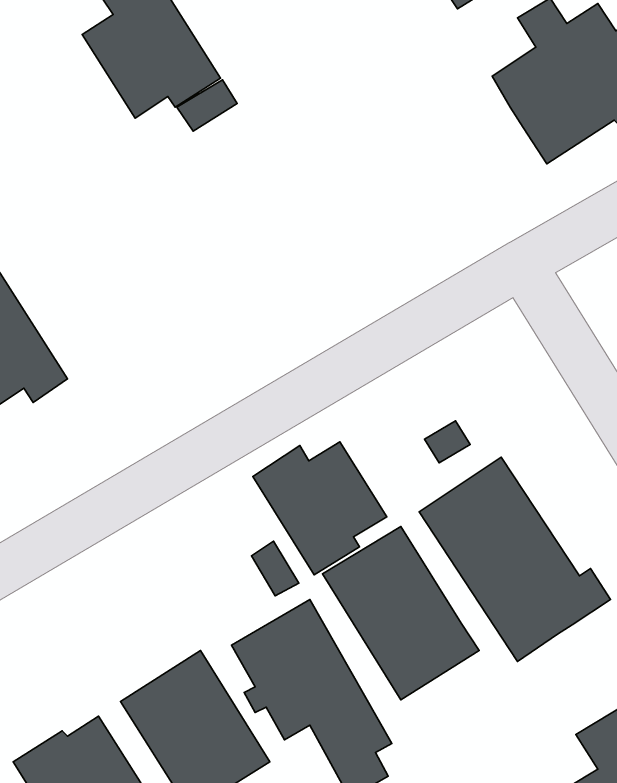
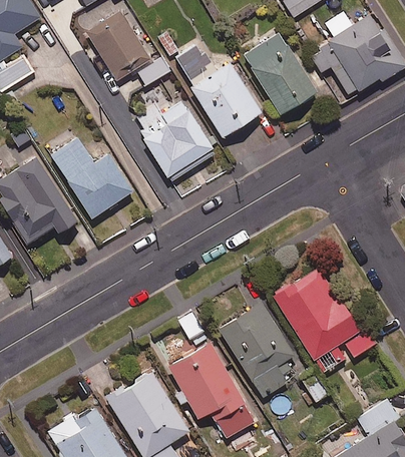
building: none -> [243,33,317,115]
building: none -> [172,42,262,138]
building: none -> [133,102,215,181]
building: none -> [50,137,132,218]
building: [253,442,387,575] -> none

